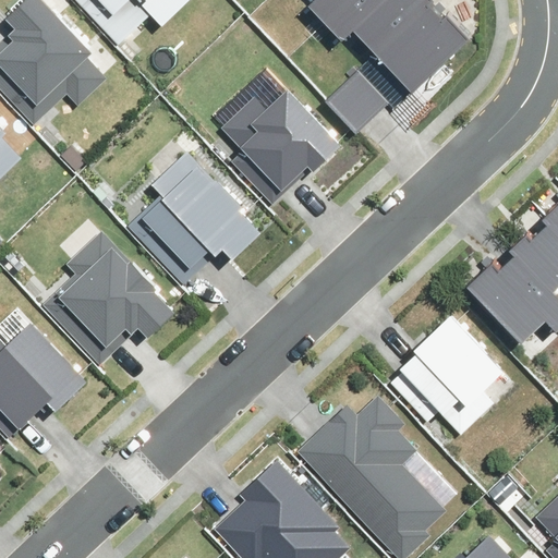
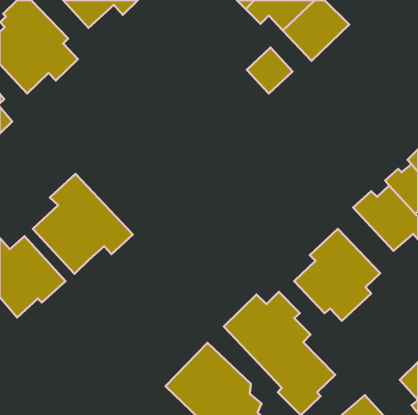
building: [220,90,347,205] -> none
building: [131,155,259,287] -> none

